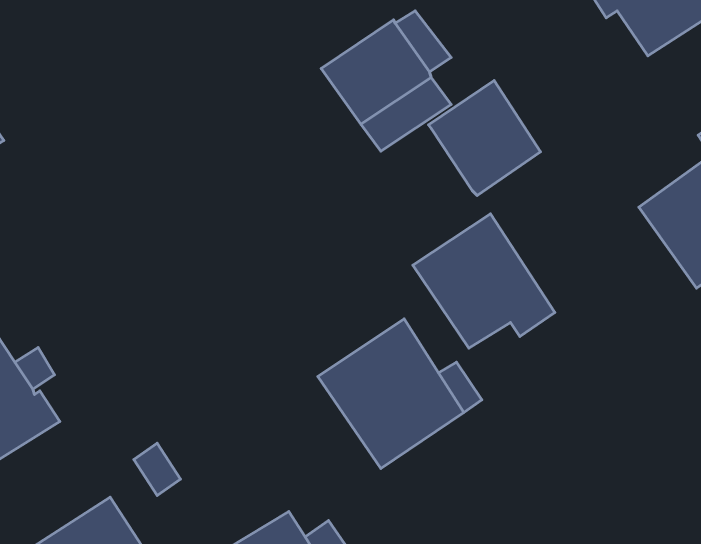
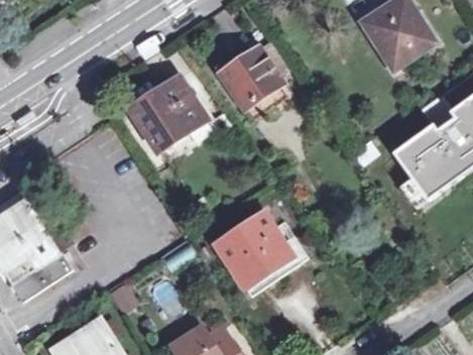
building: none -> [128,79,205,153]
building: [428,80,541,195] -> none
building: [413,214,555,348] -> none

